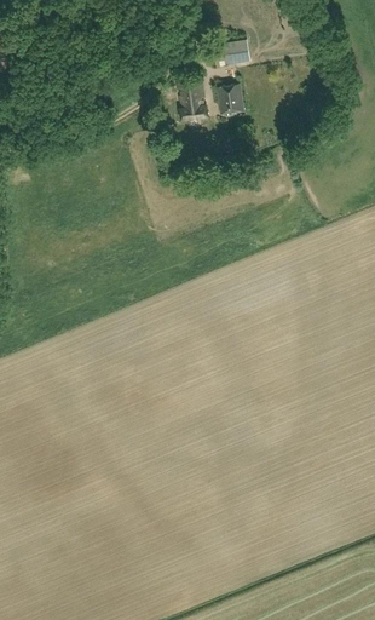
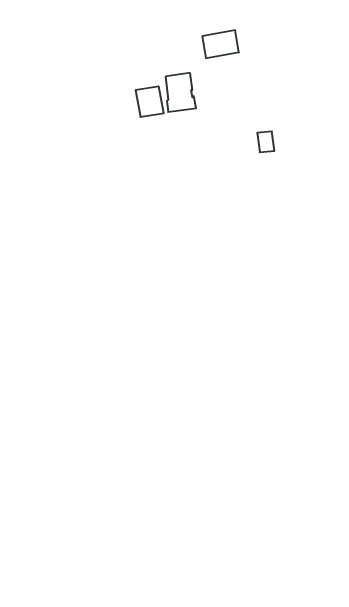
building: [217,84,244,114] -> [136,86,164,117]

